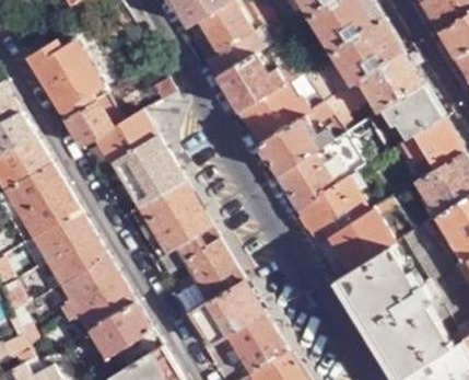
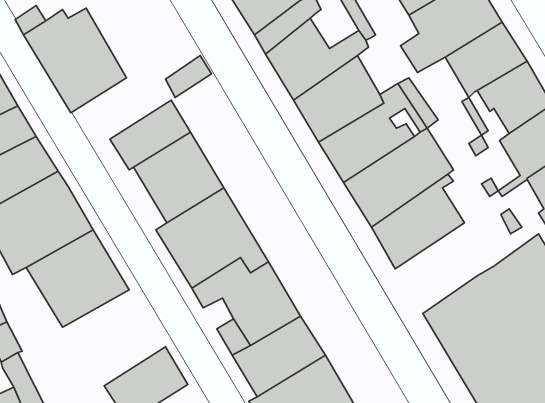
building: [62,93,141,149] -> none
building: [317,206,395,278] -> none
building: [58,260,137,336] -> none

